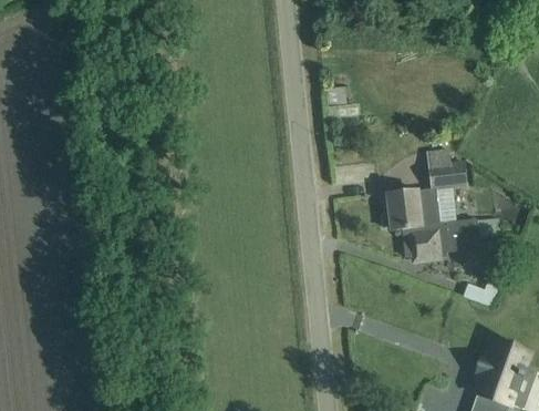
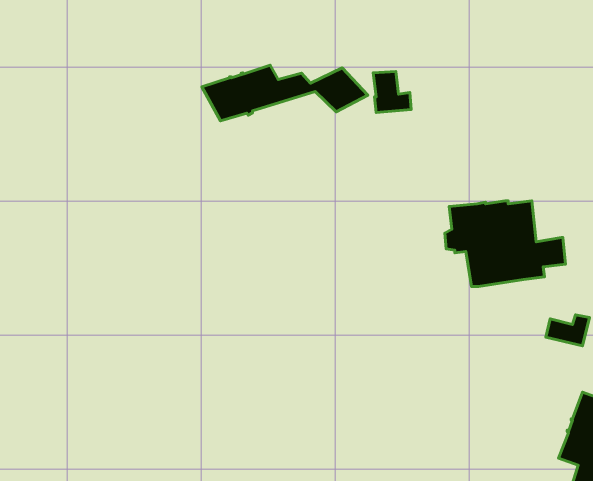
building: none -> [202,65,368,121]
building: [428,160,466,191] -> none

